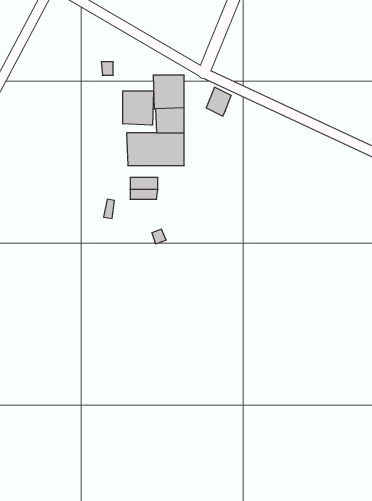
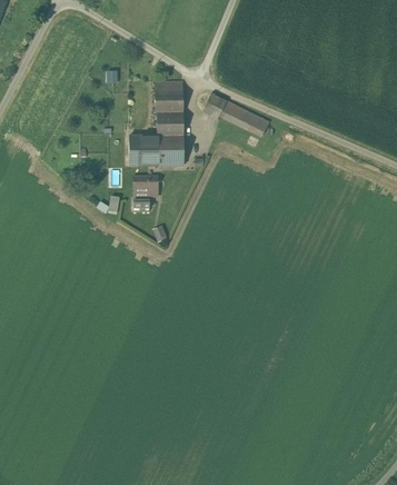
building: [123,91,154,125] -> none
building: none -> [221,100,270,136]

